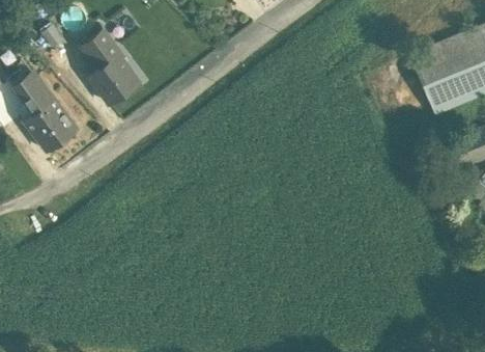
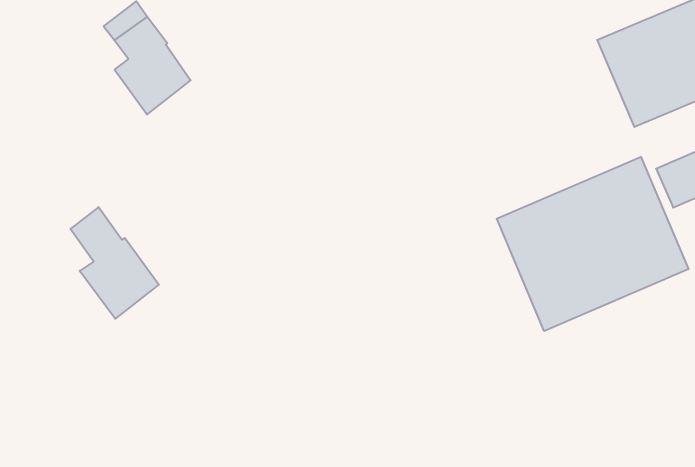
building: [19,76,78,151] -> [70,207,159,319]
building: none -> [497,157,688,331]

